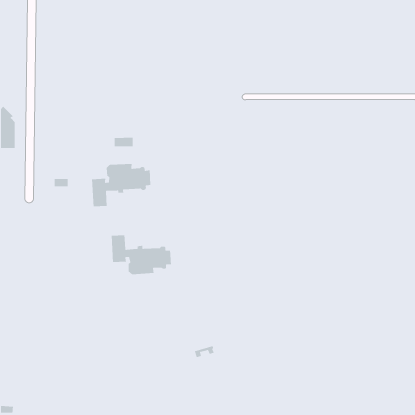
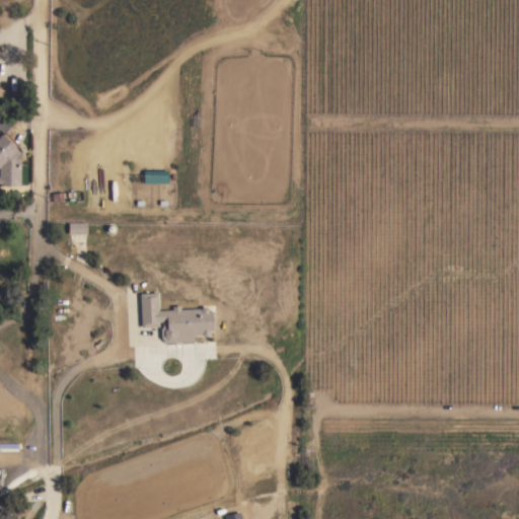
building: [91,163,151,207] -> none

